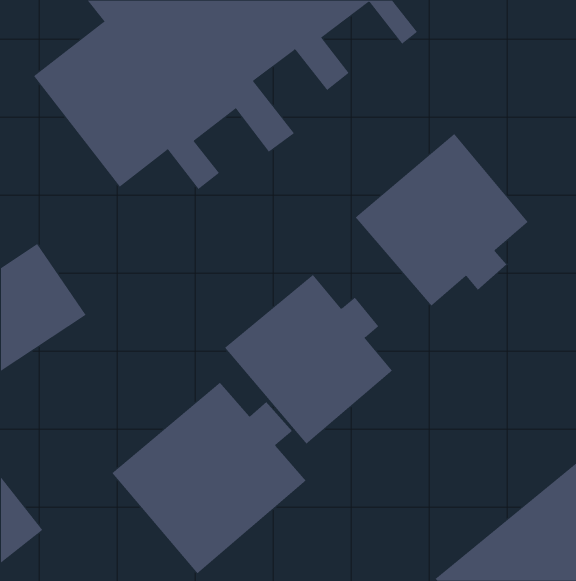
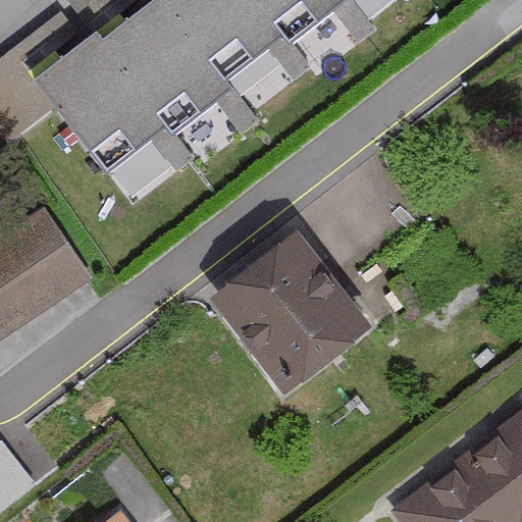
building: [355,133,529,306] -> none
building: [111,382,306,574] -> none

